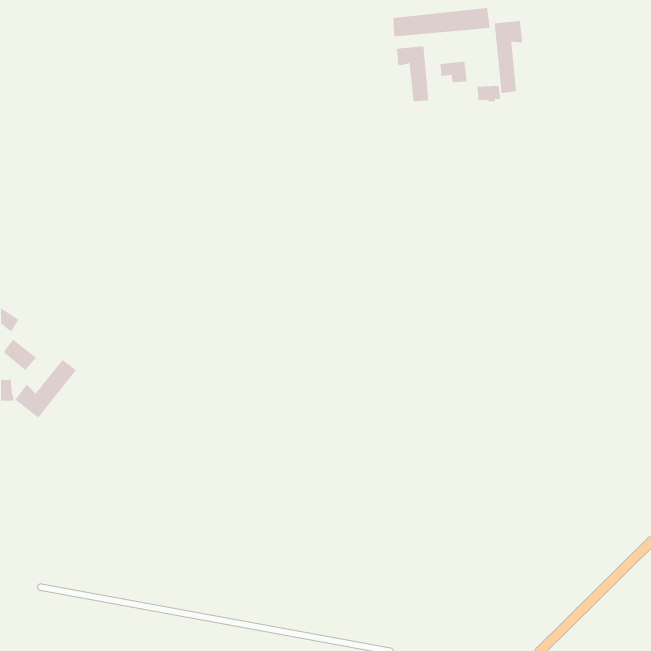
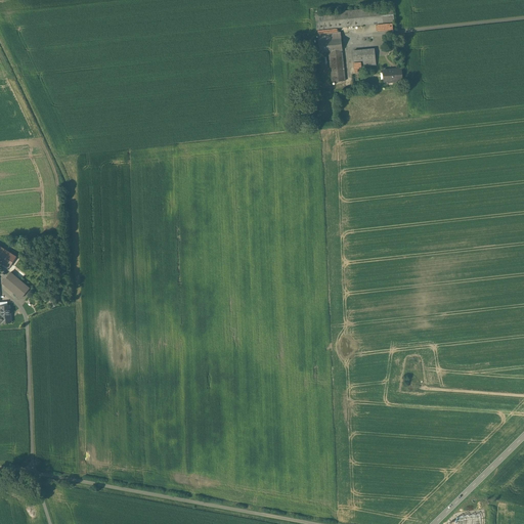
building: [494,20,523,94] -> none
building: [15,359,77,419] -> none

